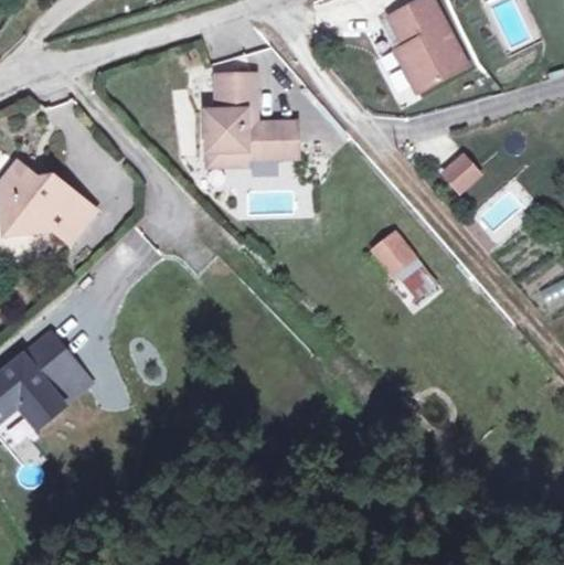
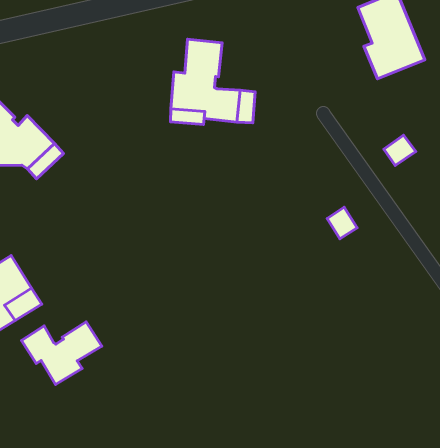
building: none -> [21,322,102,385]

